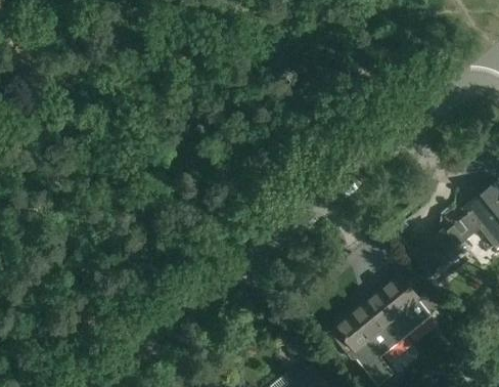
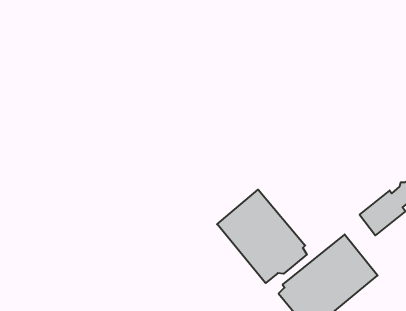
building: none -> [217,190,307,283]

